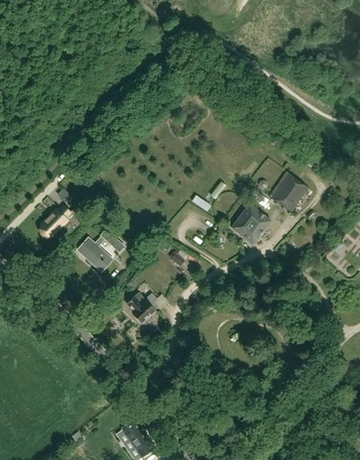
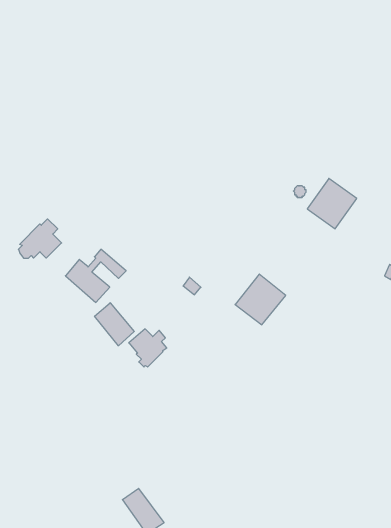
building: [231,203,271,243] -> [235,274,286,325]
building: none -> [95,303,134,346]

